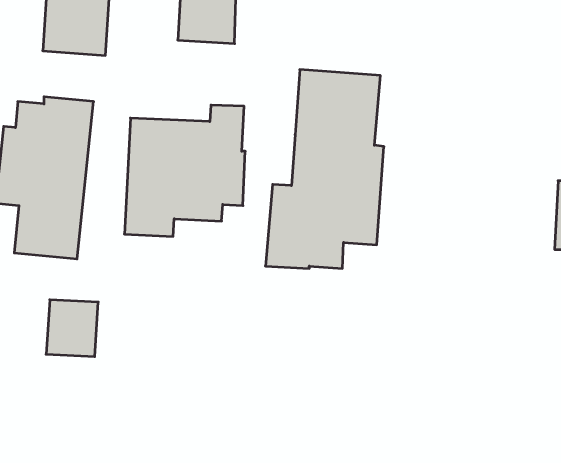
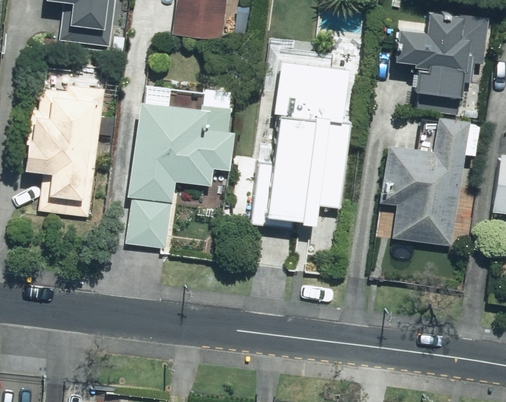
building: none -> [394,12,490,112]
building: none -> [381,118,478,243]
building: [46,300,98,357] -> [128,199,172,247]

